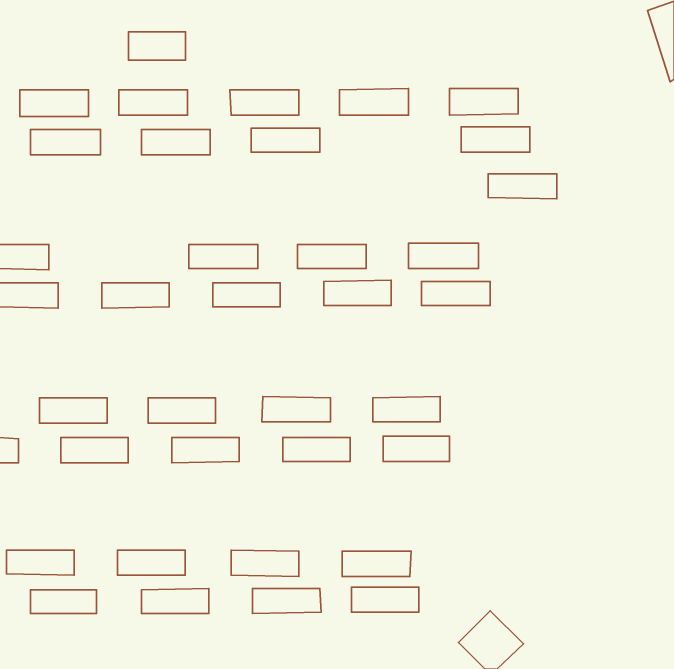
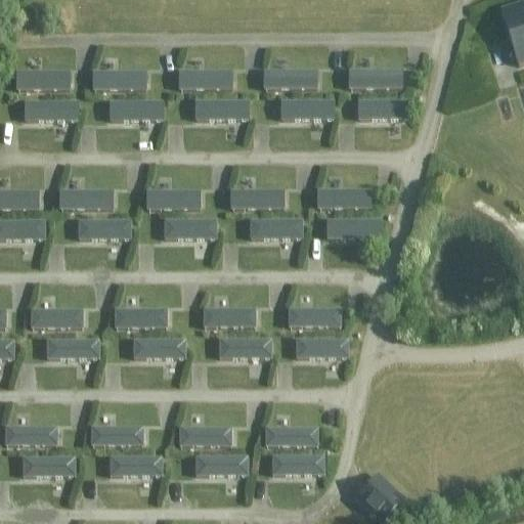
building: [128,32,185,60] -> none
building: [488,174,557,199] -> [280,99,334,119]
building: none -> [58,188,112,209]

